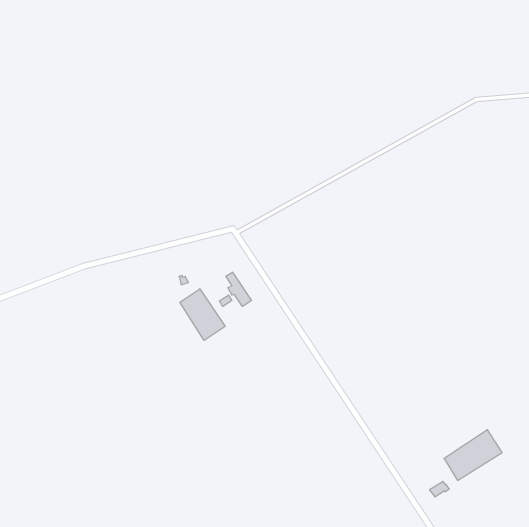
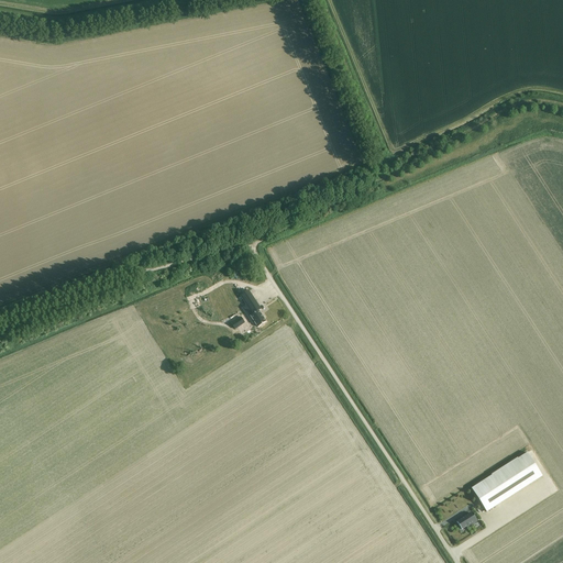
building: [180,289,225,340] -> none

